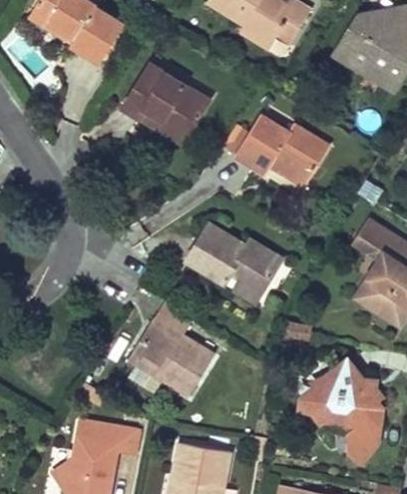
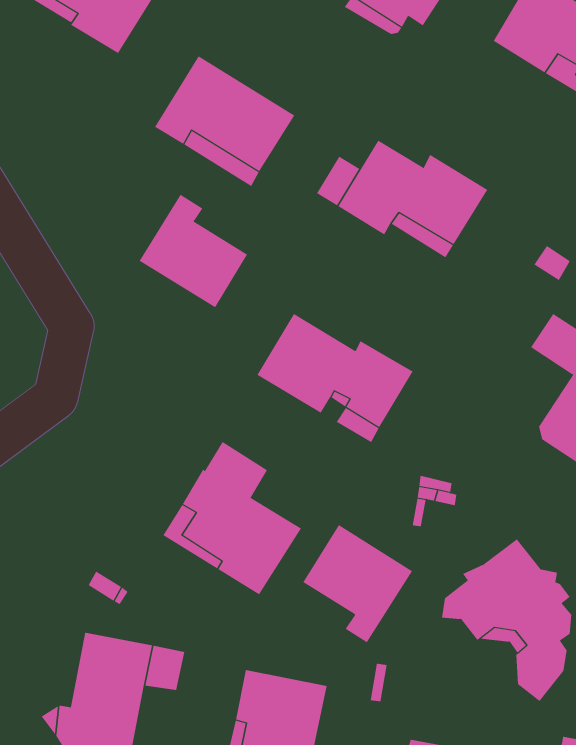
building: none -> [139,194,248,308]
building: none -> [302,524,413,643]

